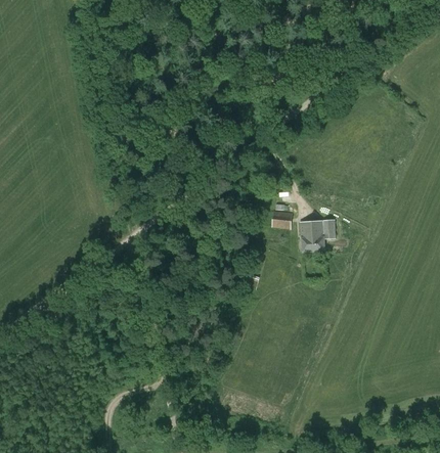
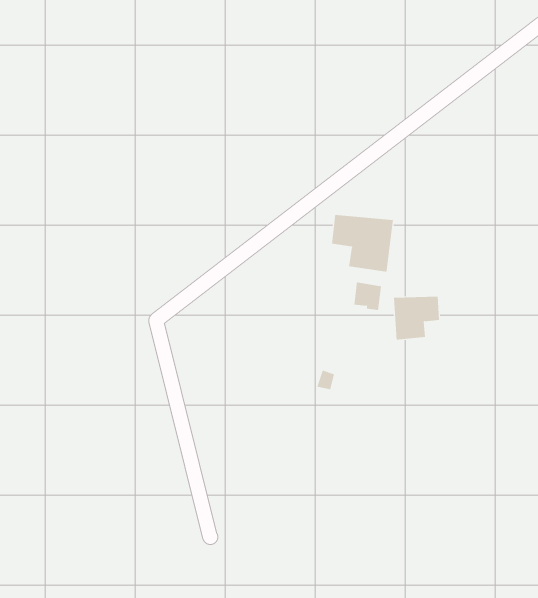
building: none -> [331,214,394,273]

